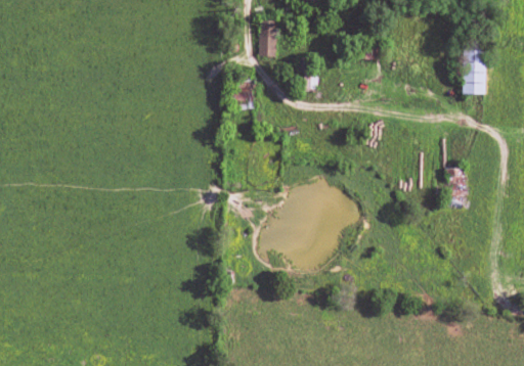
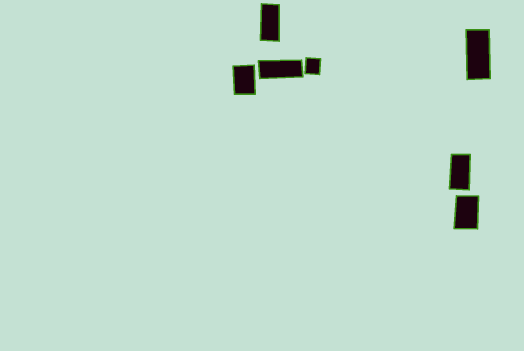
building: none -> [259,60,303,79]
building: none -> [454,196,478,229]

